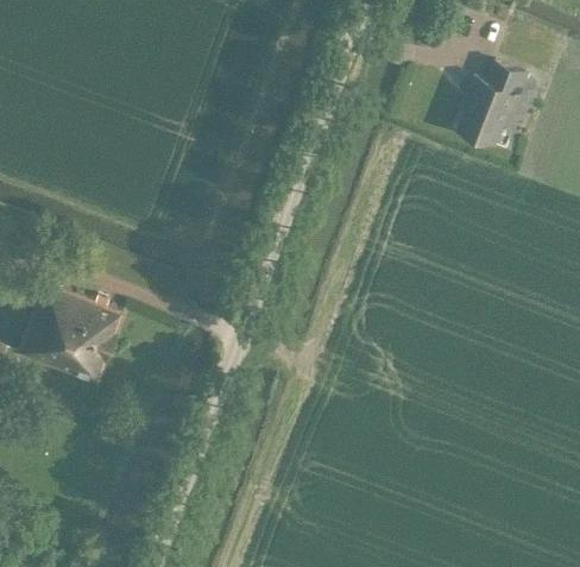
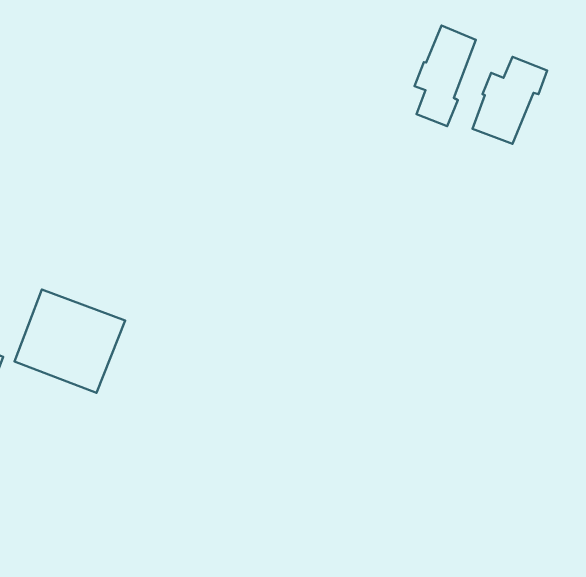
building: none -> [415,25,476,126]

